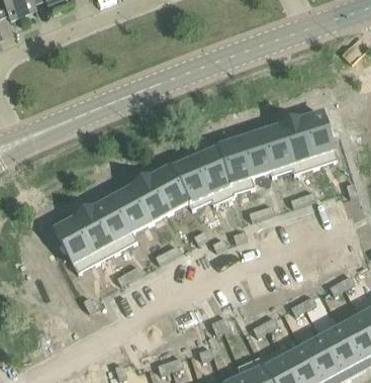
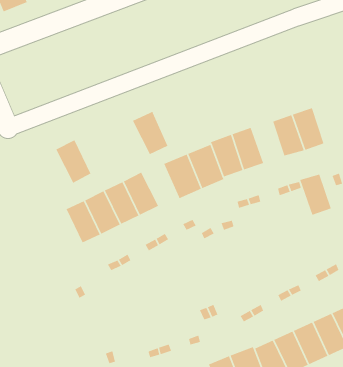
building: [264,127,297,171] -> [299,173,332,216]
building: [152,169,189,214] -> [132,111,168,155]
building: [54,217,91,263] -> [55,139,92,184]

